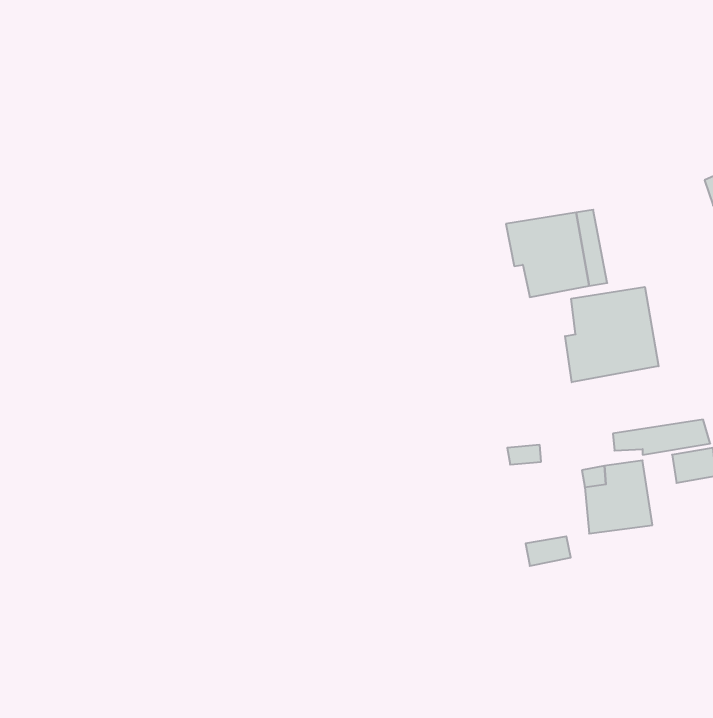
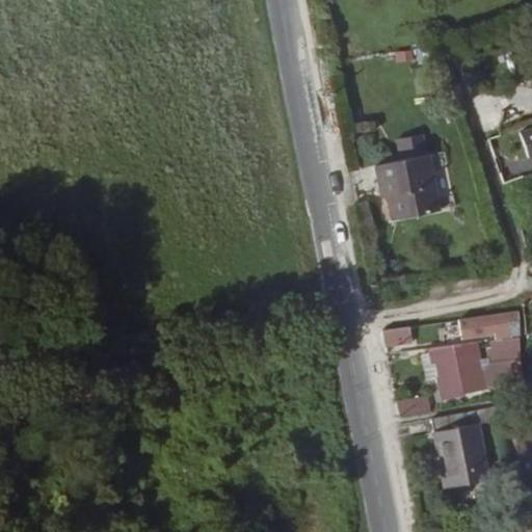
building: [565,287,659,382] -> none
building: none -> [426,408,490,490]

